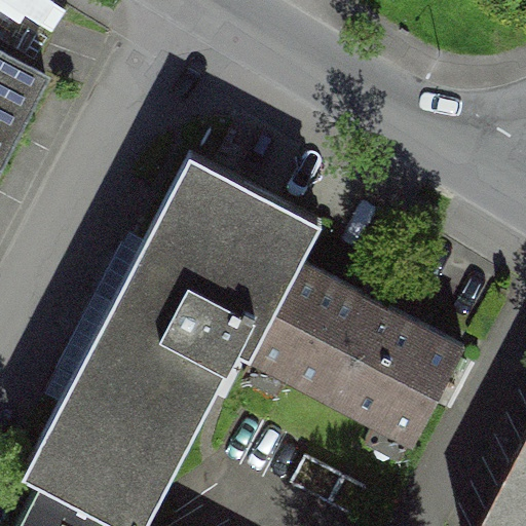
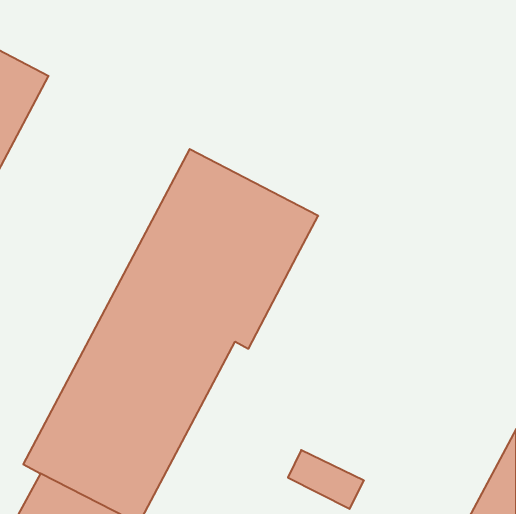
building: [249,263,466,448] -> none

